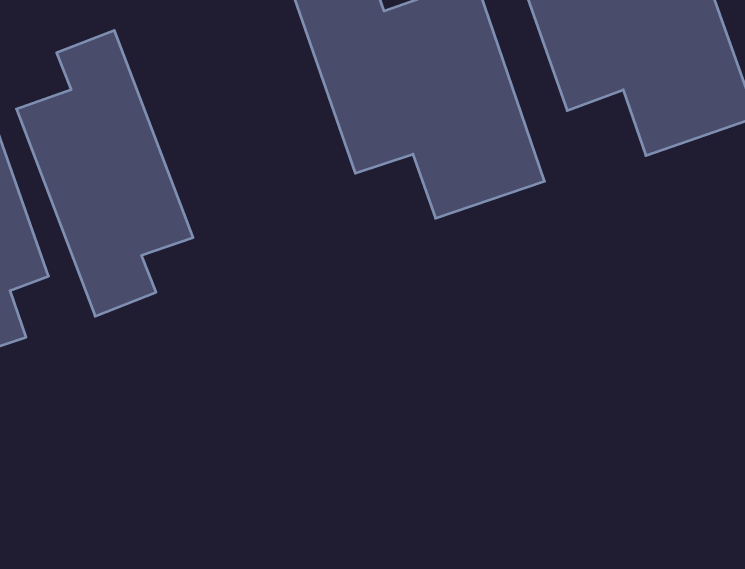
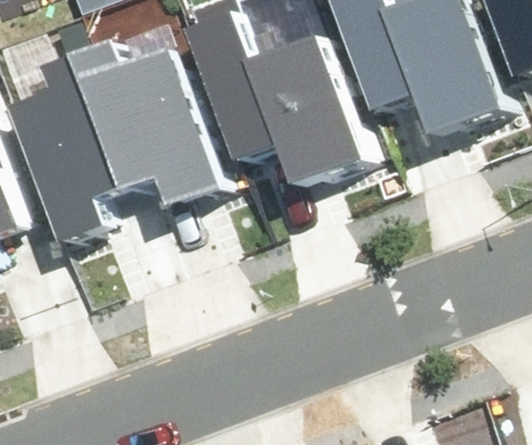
building: none -> [81,39,220,207]

